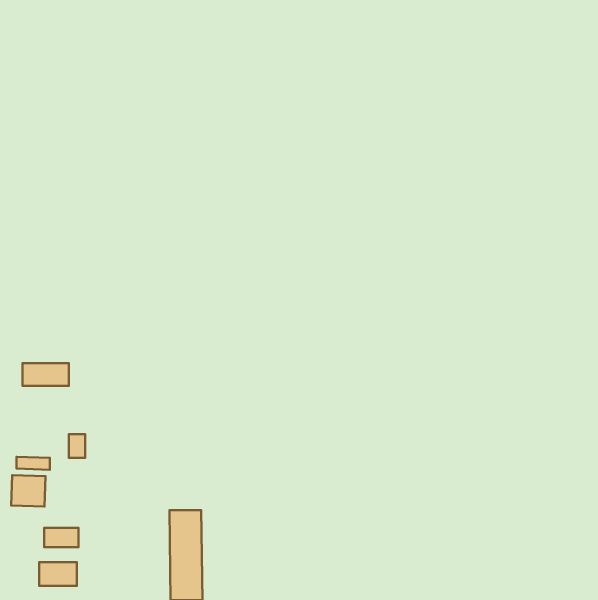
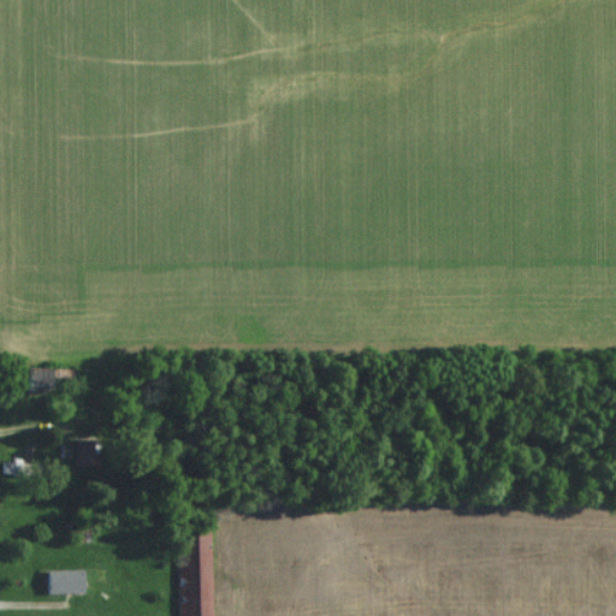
building: [11,475,46,507] -> none
building: [44,528,79,547] -> none

